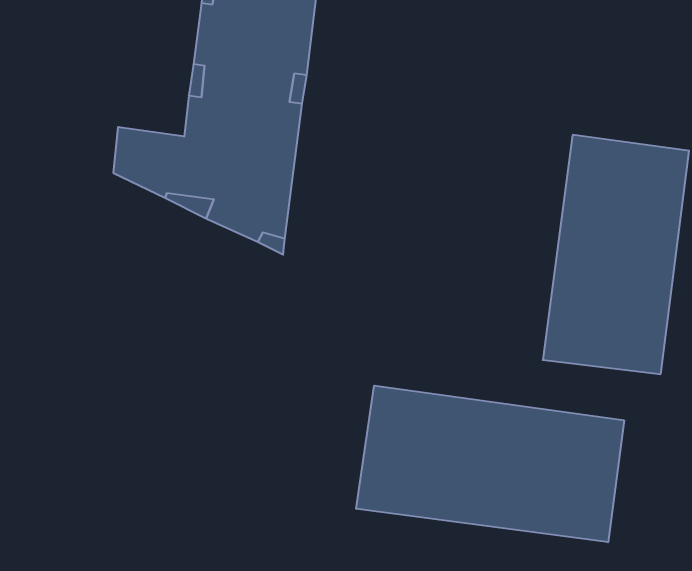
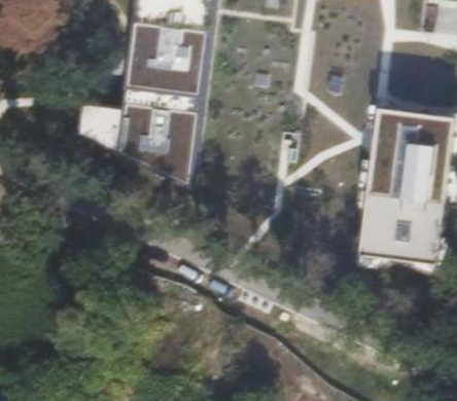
building: [356,386,624,542] -> none

